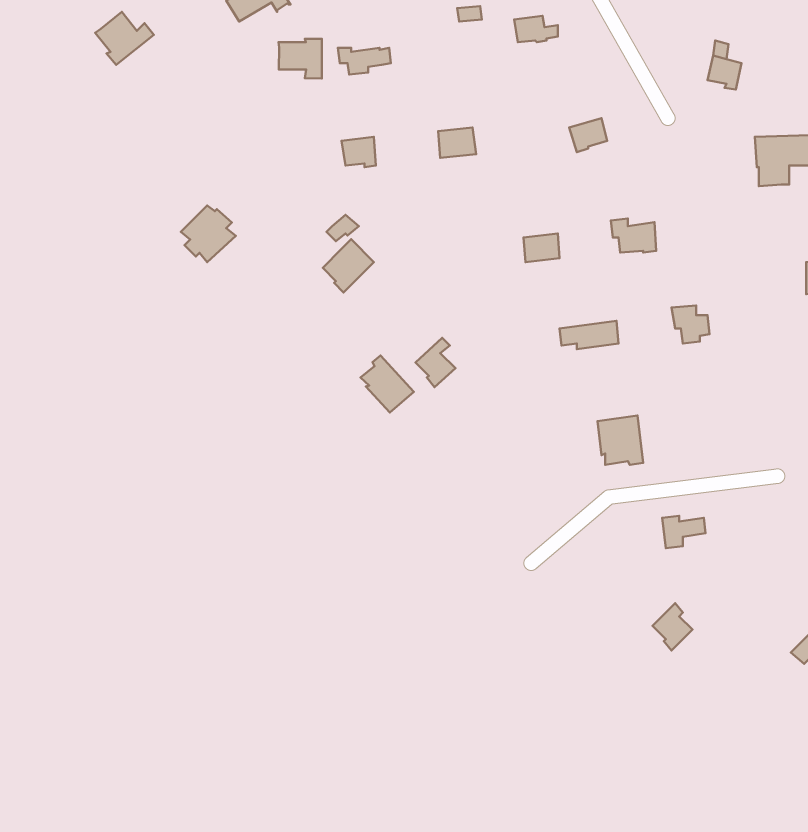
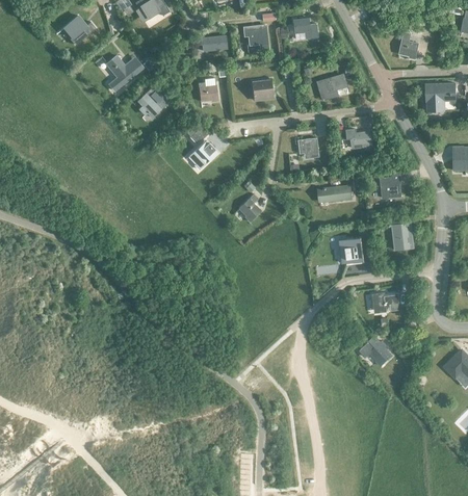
building: none -> [243,25,268,50]
building: [278,39,322,78] -> none
building: none -> [106,55,136,90]
building: [181,205,236,262] -> [137,86,167,118]
building: [360,355,414,412] -> none
building: none -> [392,224,414,250]

